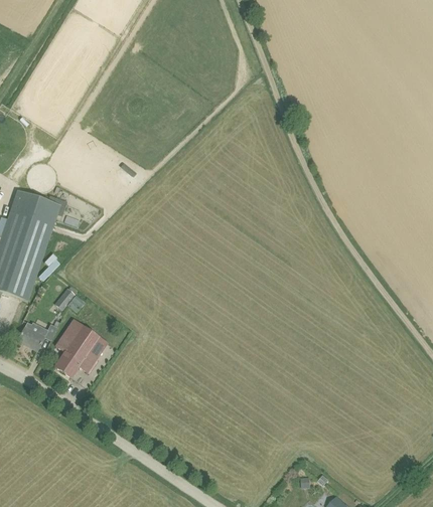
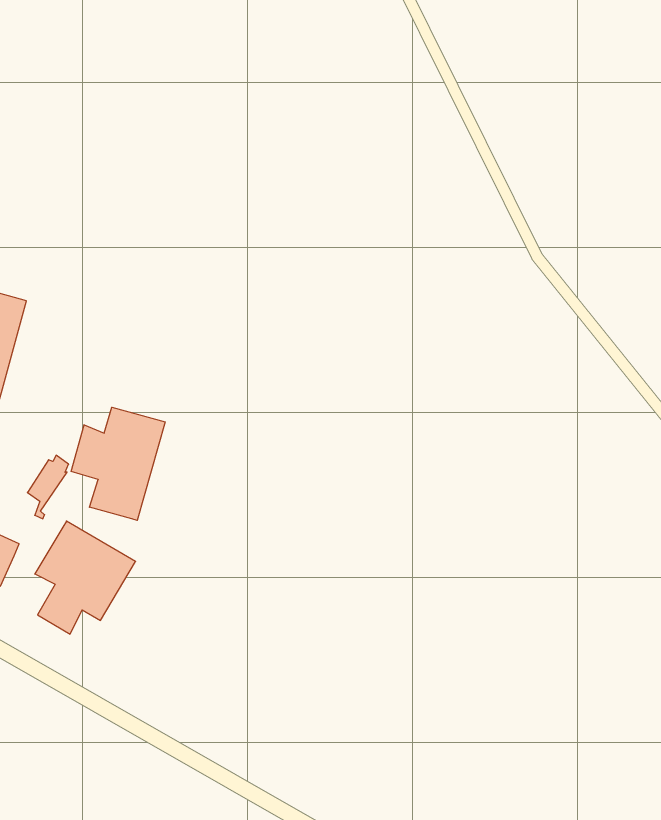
building: none -> [71,407,165,520]

